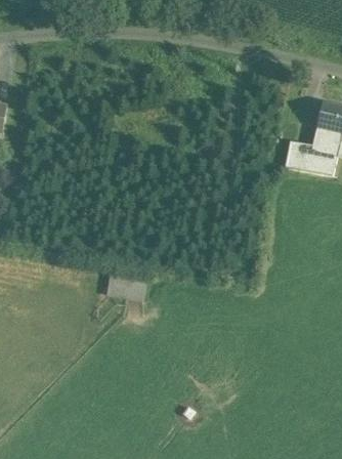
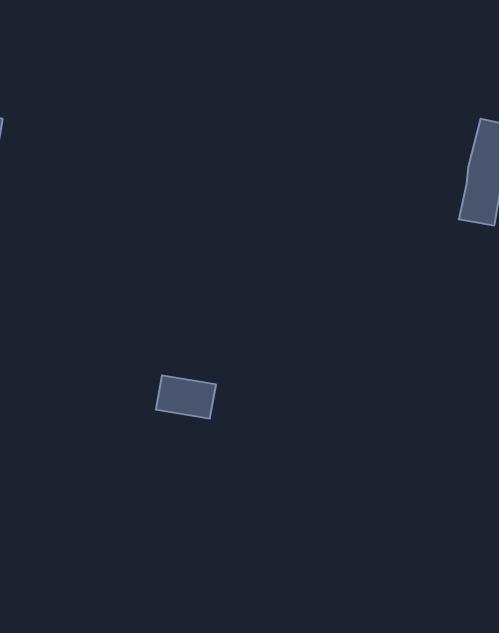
building: [285,141,313,169] -> none

